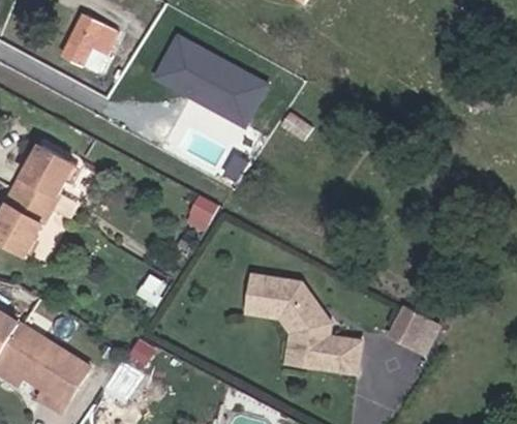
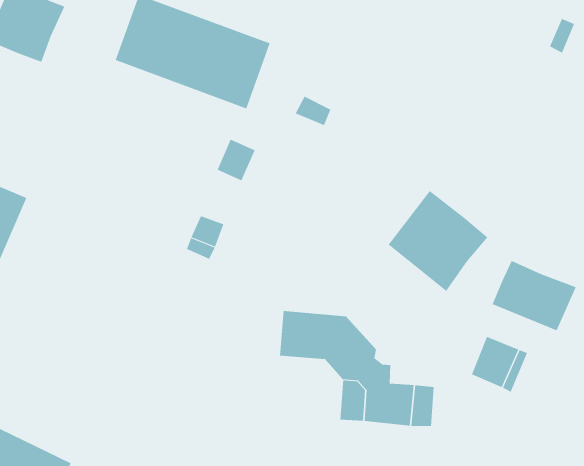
building: none -> [388,190,488,292]
building: none -> [492,260,577,331]

